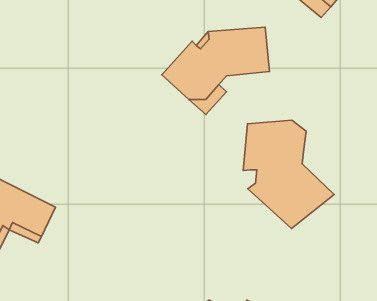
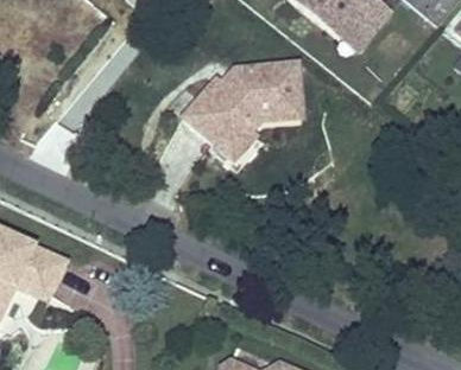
building: [243,120,334,229] -> none

